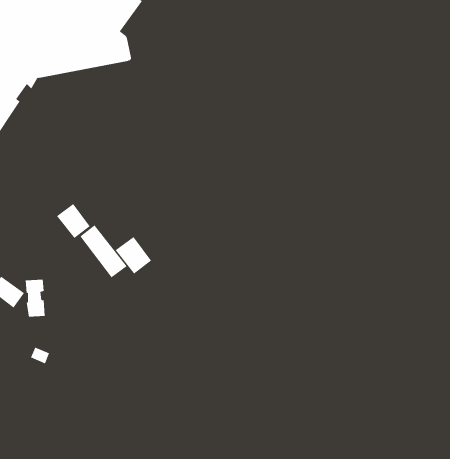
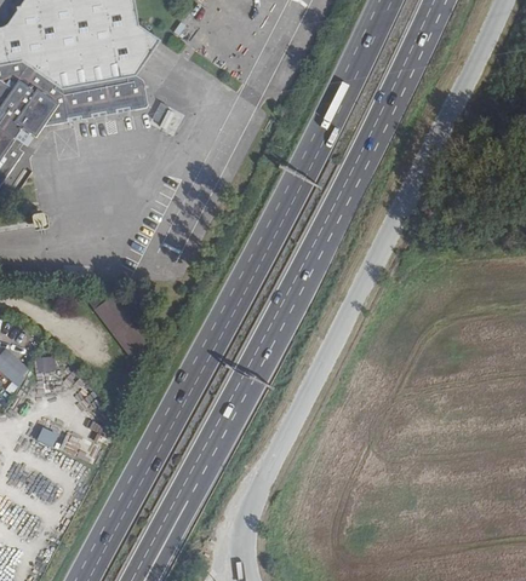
building: [56,203,90,239] -> none
building: [115,236,152,275] -> none

